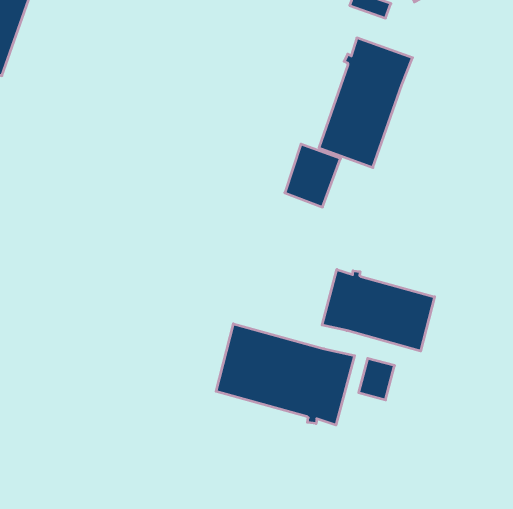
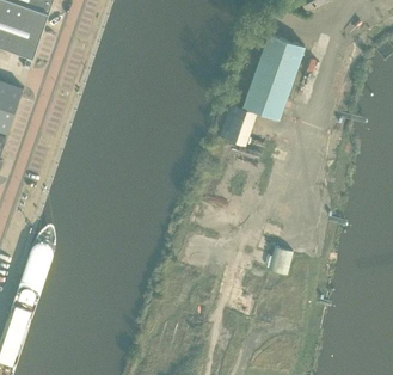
building: [322,269,435,351] -> none
building: [216,324,355,425] -> none

